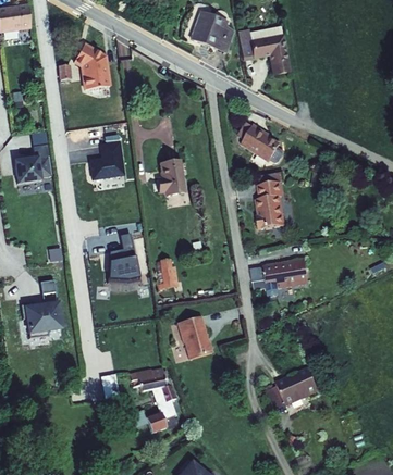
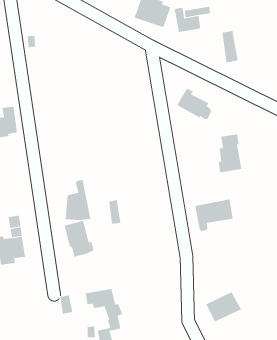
building: [268,35,288,74] -> [221,31,239,63]
building: [73,42,110,89] -> none
building: [89,141,123,177] -> none
building: [156,160,184,197] -> none
building: [255,183,284,229] -> [218,134,242,173]
building: [176,314,213,359] -> [64,220,95,257]

